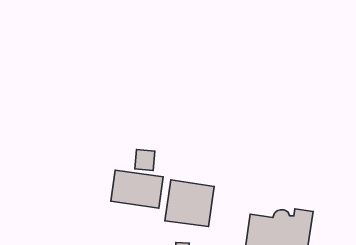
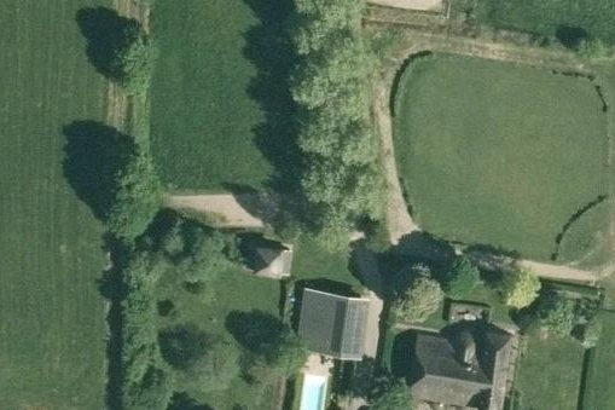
building: [111,170,163,208] -> none

